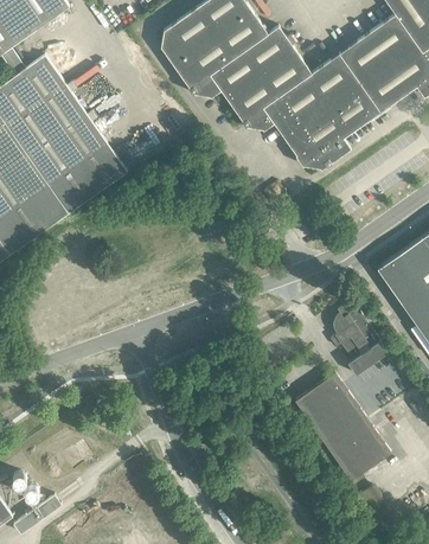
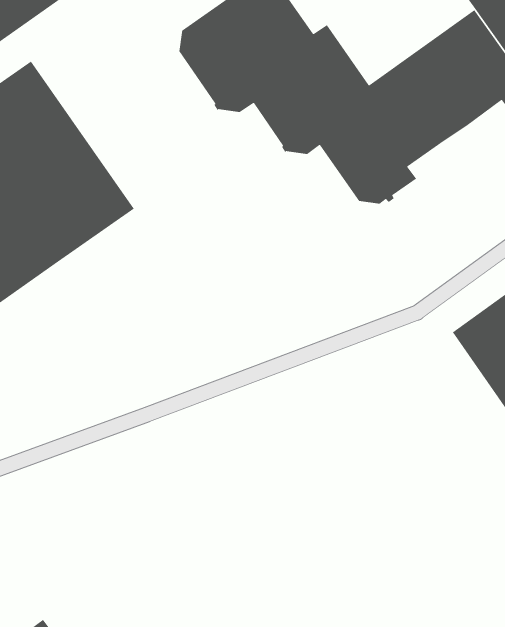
building: [328,300,389,376] -> none
building: [295,373,391,481] -> none

